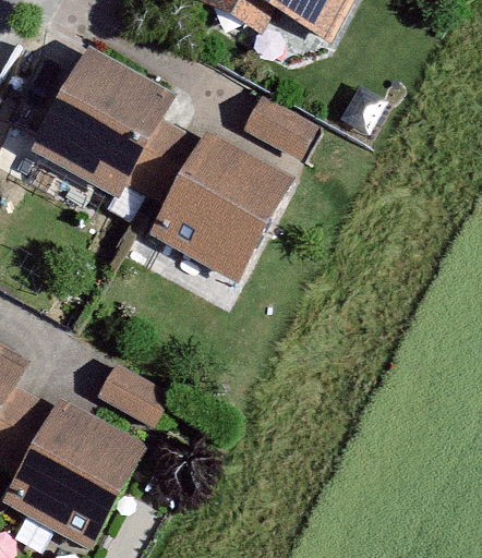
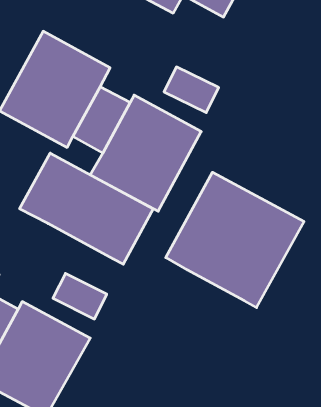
building: none -> [20,153,153,264]
building: none -> [166,172,304,308]

